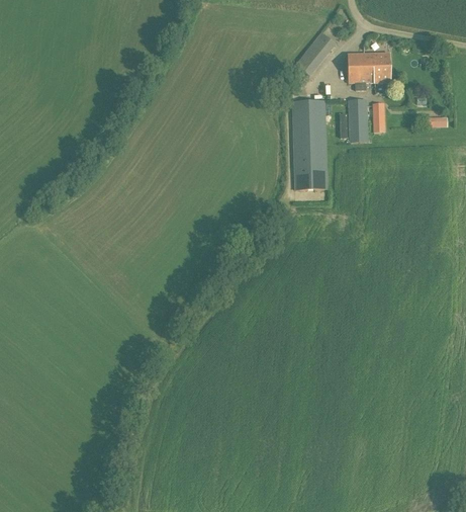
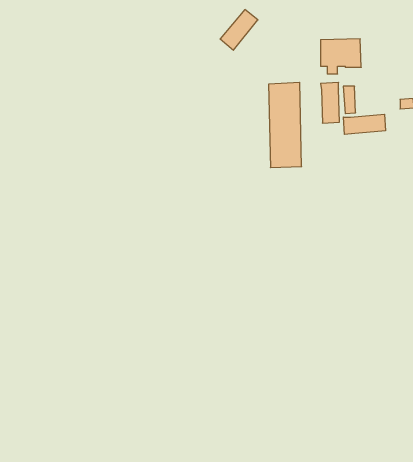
building: [294,30,335,74] -> [220,10,258,50]
building: none -> [343,114,385,134]

